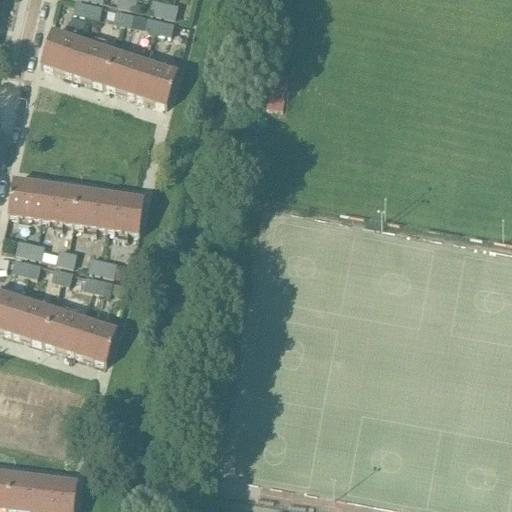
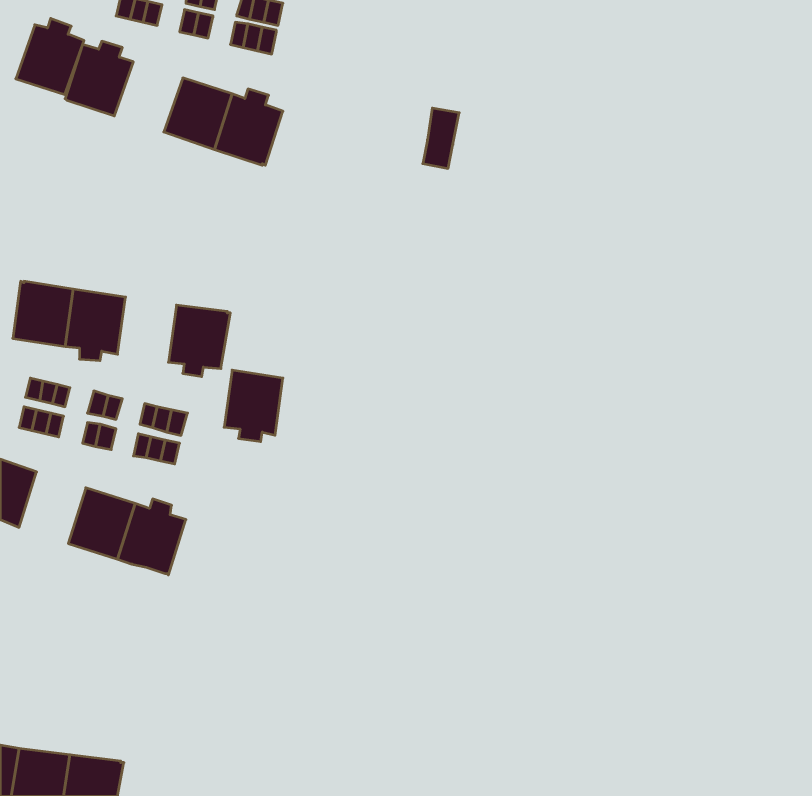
building: [72,35,115,83] -> [16,18,84,95]
building: [74,187,111,232] -> [224,370,283,442]
building: [12,294,54,342] -> none

